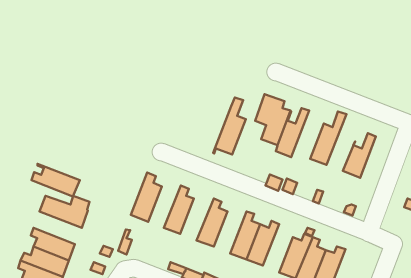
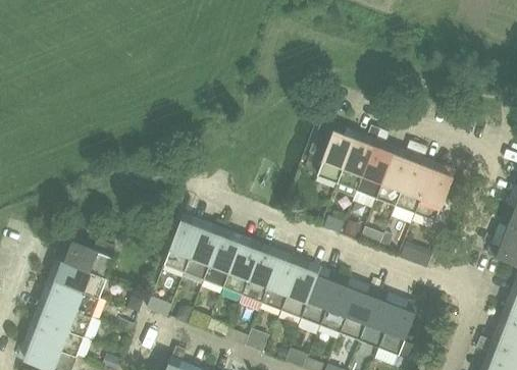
building: [213,98,246,154] -> [354,129,393,197]
building: none -> [392,144,431,224]
building: [32,164,80,196] -> [49,259,106,298]
building: none -> [185,225,223,278]
building: none -> [222,241,262,294]
building: none -> [262,255,301,309]
building: none -> [320,274,356,331]

